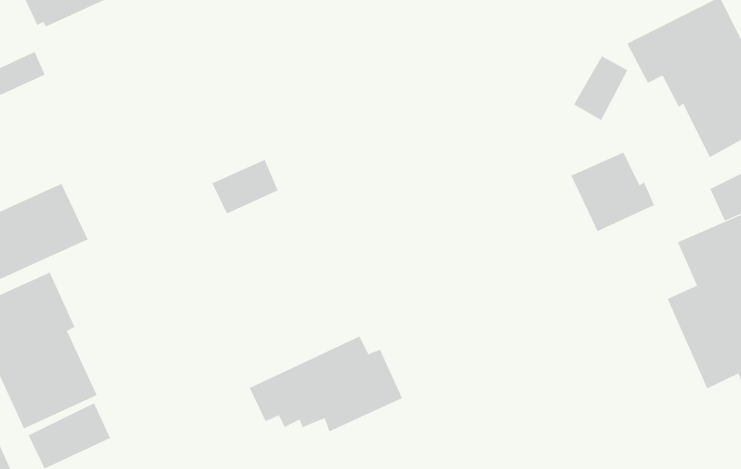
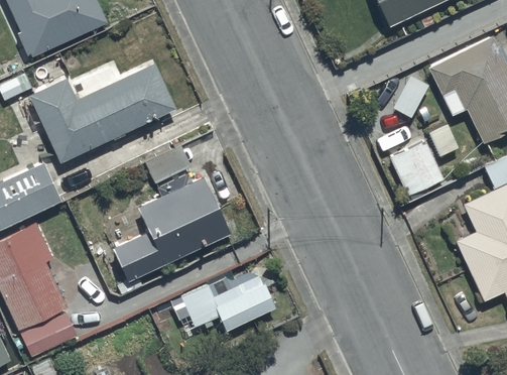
building: none -> [28,62,176,164]
building: none -> [112,174,229,281]

